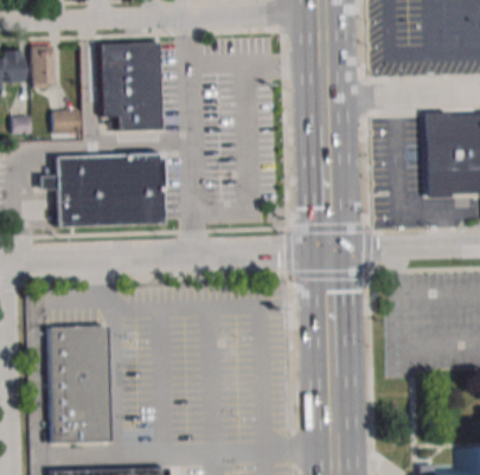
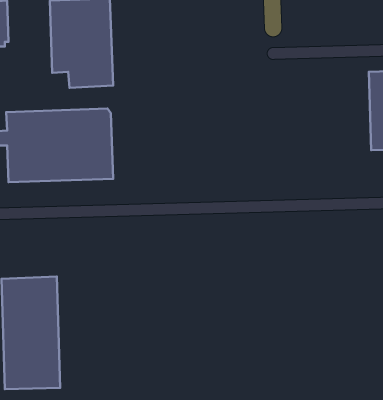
building: [53,108,81,133] -> none

